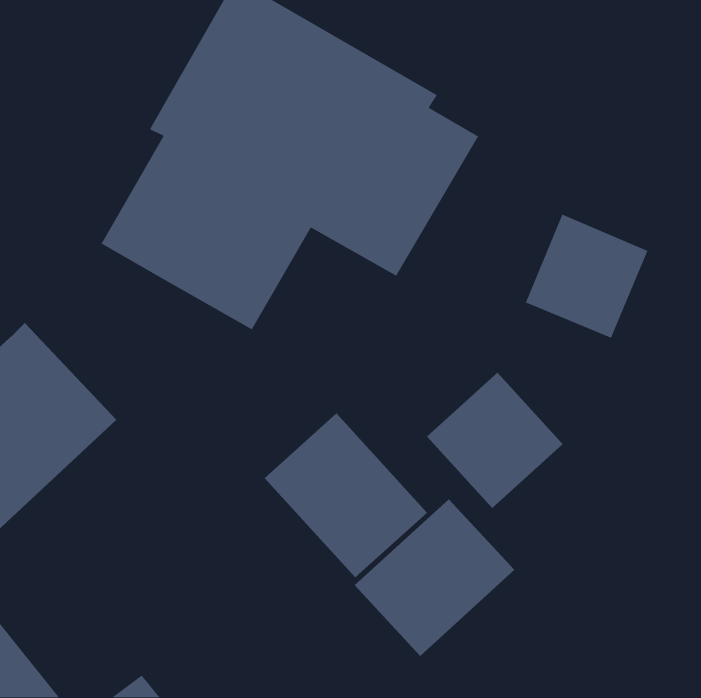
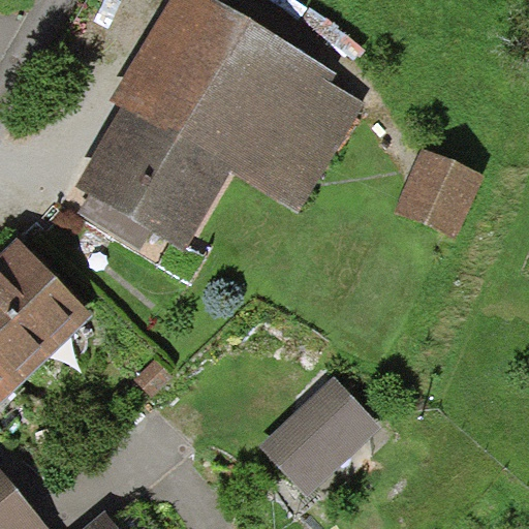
building: [426,372,564,509] -> none
building: [264,413,428,578] -> none

